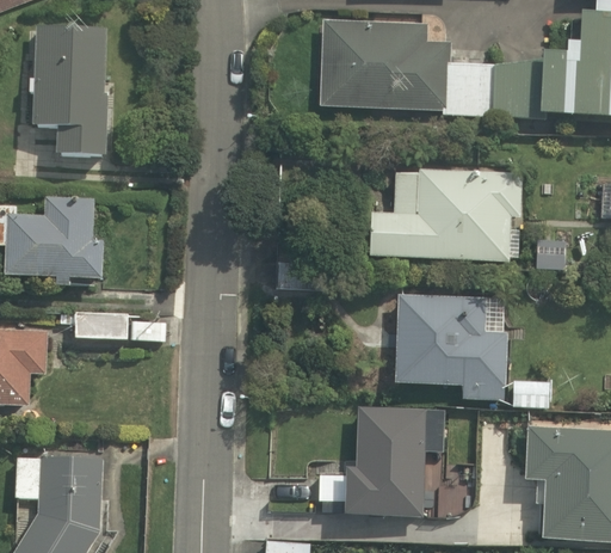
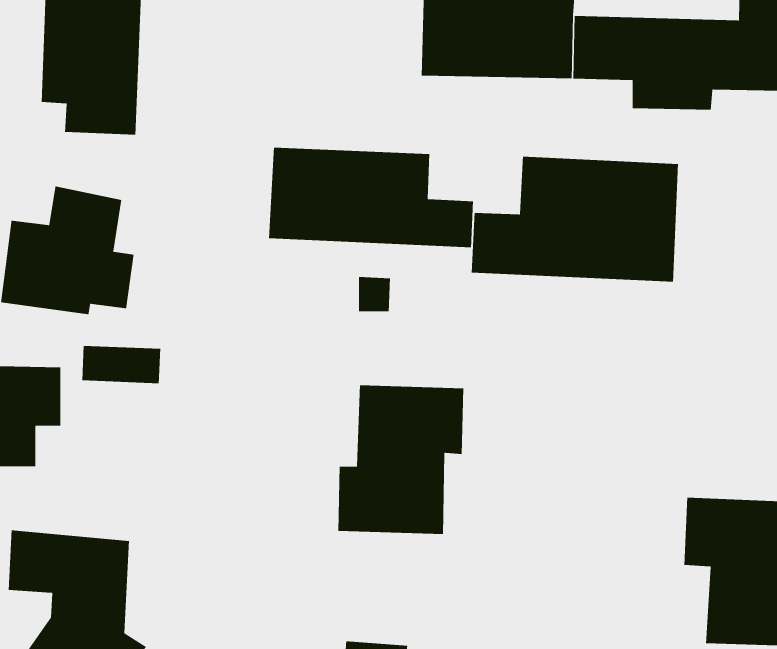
building: none -> [268,147,474,248]
building: [400,294,550,414] -> none
building: [339,405,436,520] -> [337,385,464,535]

